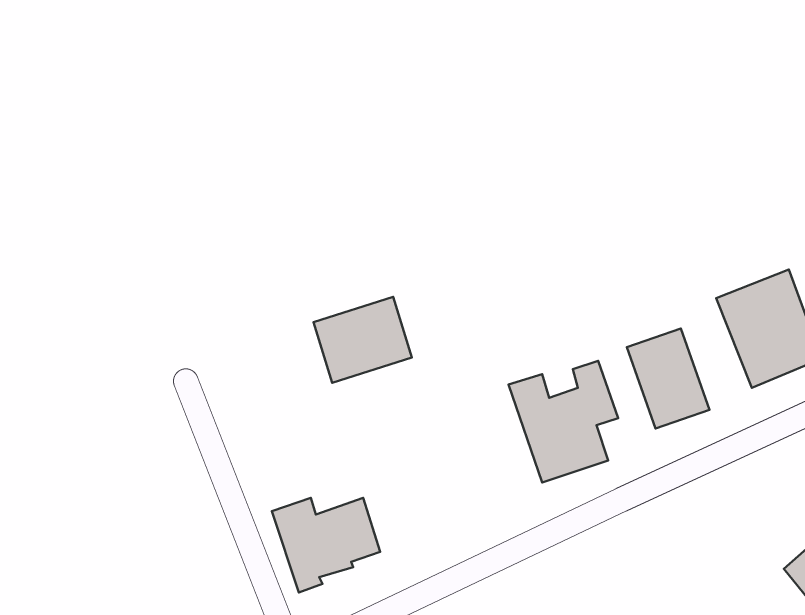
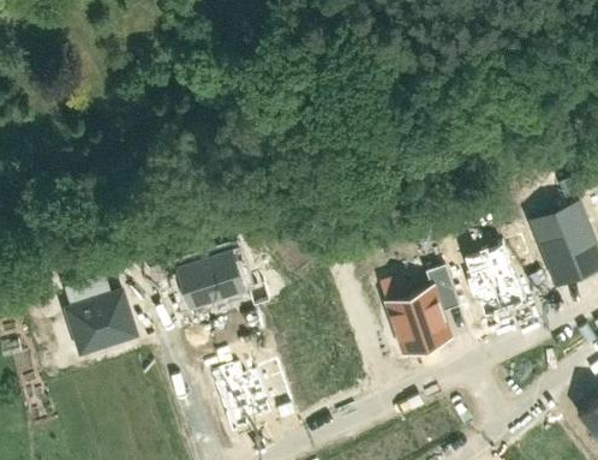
building: [314,297,412,383] -> [177,249,246,310]
building: none -> [64,275,143,359]

